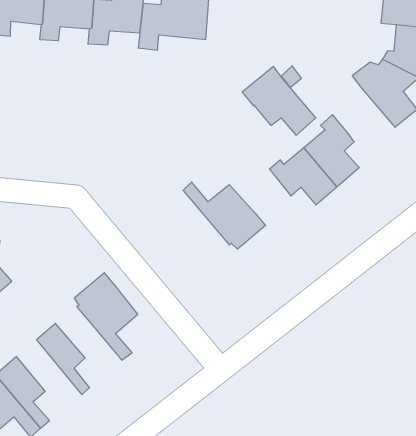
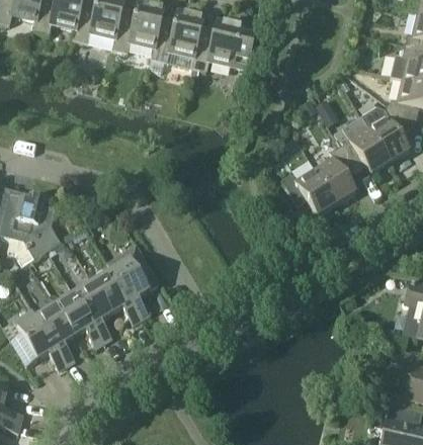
building: [242,66,316,136] -> [332,116,389,175]
building: [183,182,265,249] -> none
building: none -> [91,271,141,325]
building: none -> [56,293,104,348]

